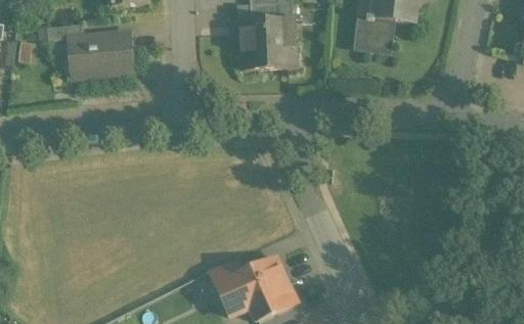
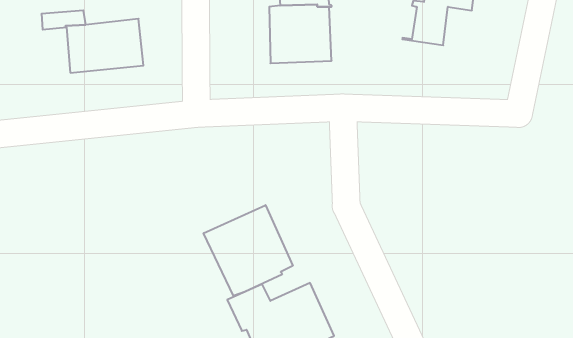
building: none -> [204,205,293,296]

